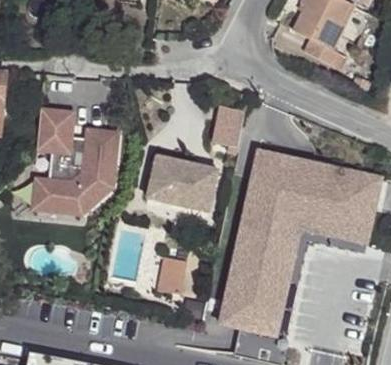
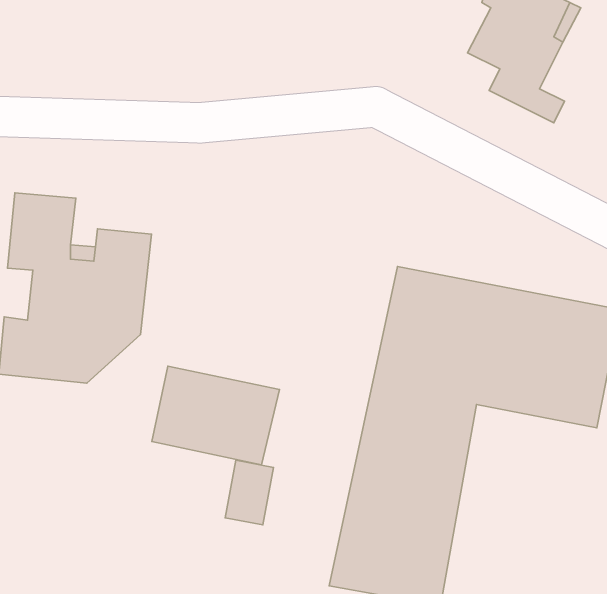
building: [214,105,246,155] -> none
building: [147,158,218,213] -> [152,366,279,465]

